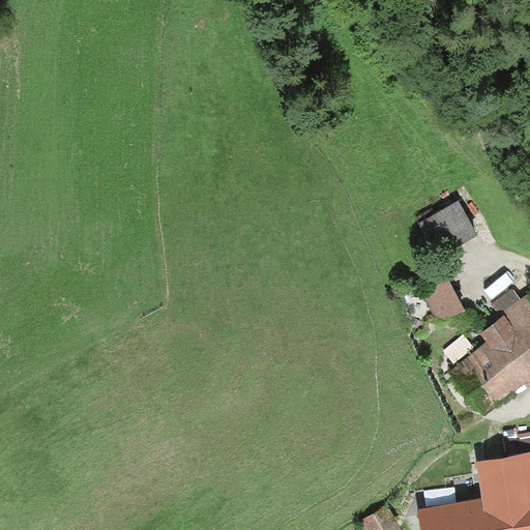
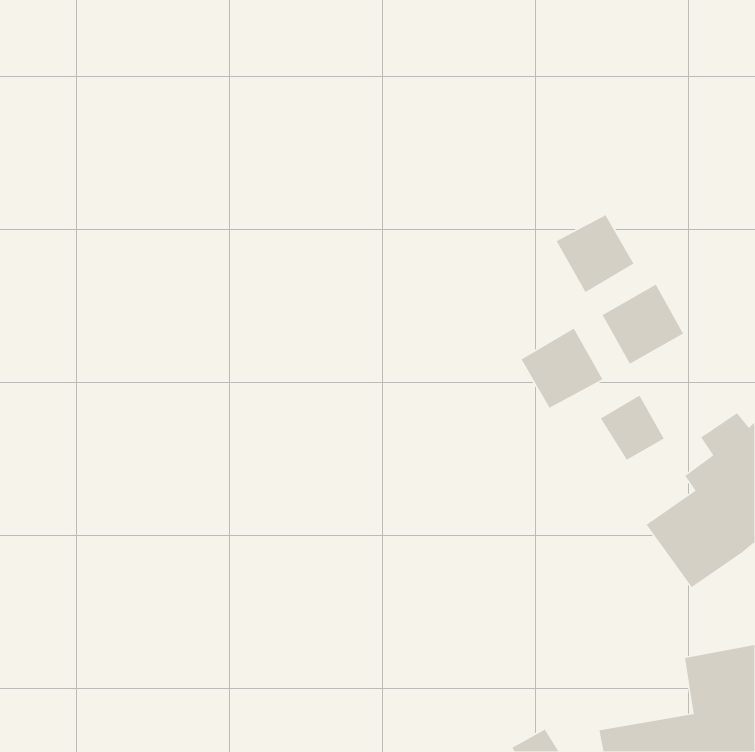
building: none -> [556,214,635,293]
building: none -> [520,327,604,409]

